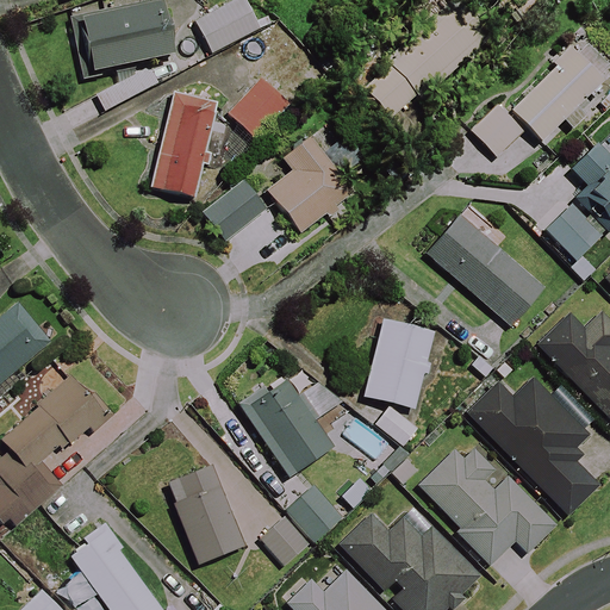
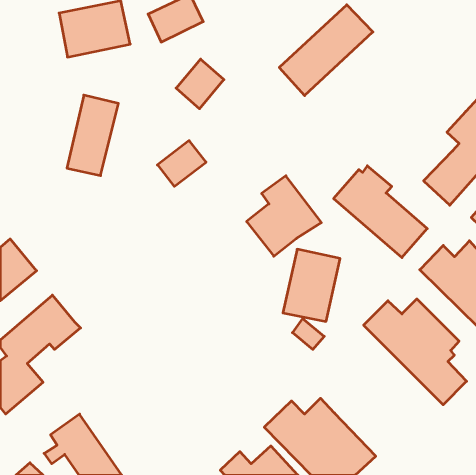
building: [471,44,603,160] -> none
building: [152,93,218,195] -> [67,95,118,176]
building: [263,132,359,235] -> [247,176,321,256]
building: [239,373,332,477] -> none
building: [418,436,556,561] -> none
building: [170,463,248,560] -> none
building: [285,483,344,542] -> none
building: [261,517,309,566] -> none

